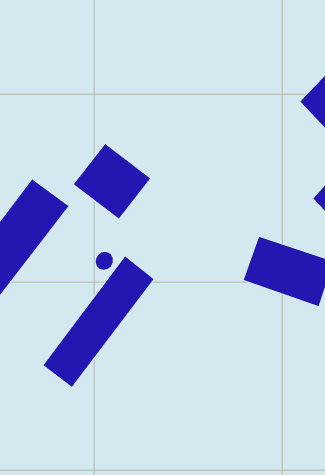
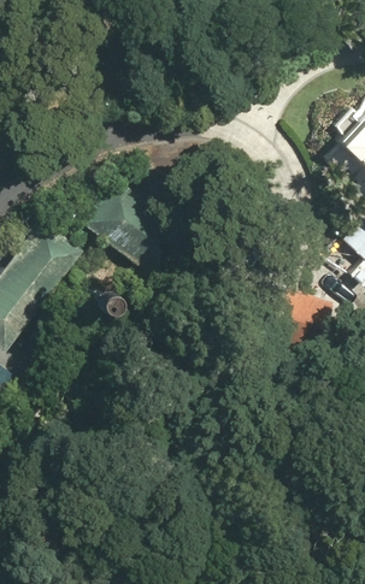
building: [42,256,155,388] -> none

